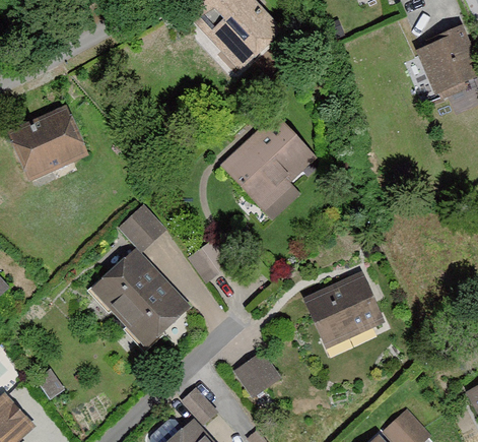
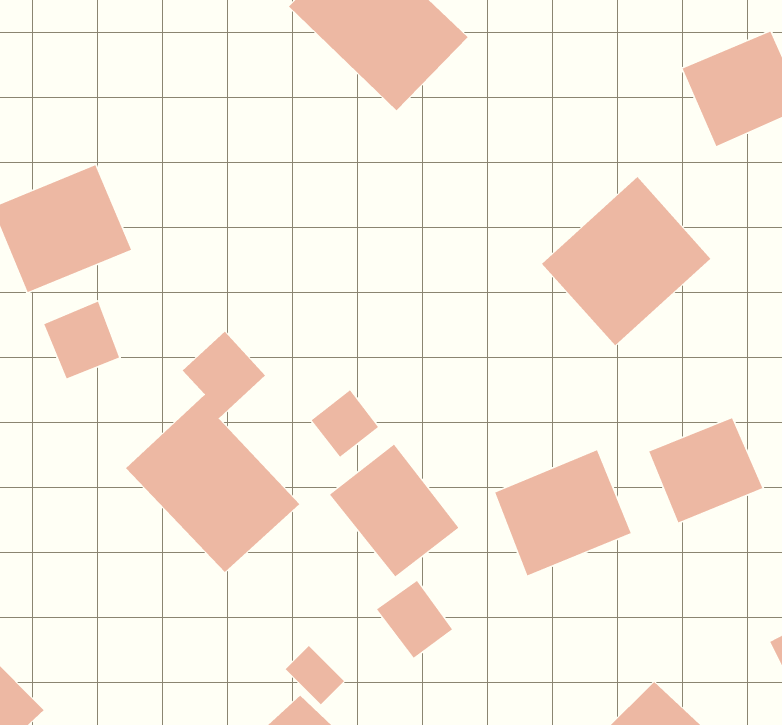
building: [219,115,320,215] -> [541,176,711,346]
building: none -> [43,301,120,380]
building: none -> [648,417,763,524]
building: none -> [329,443,459,577]

